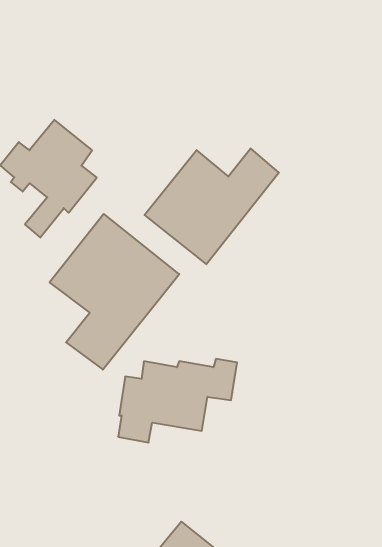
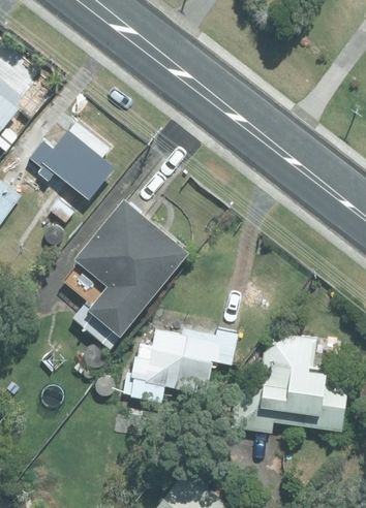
building: [145,148,279,264] -> none
building: none -> [232,336,347,434]

